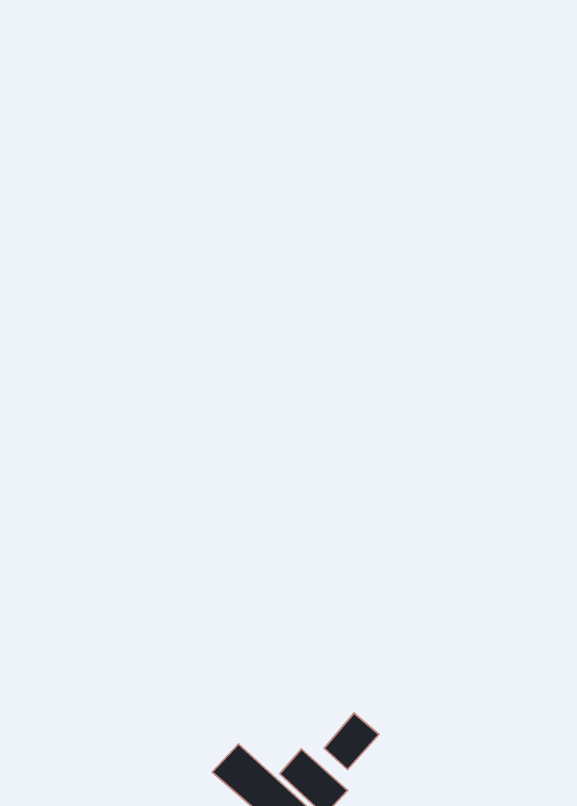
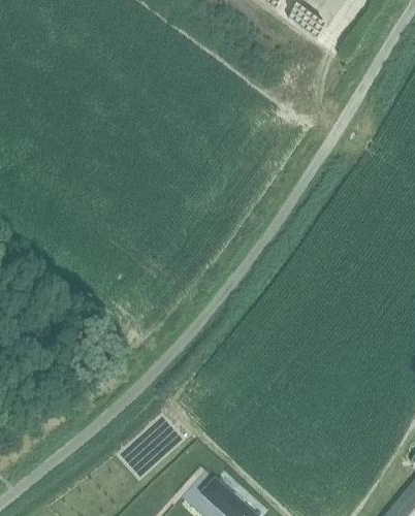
building: [324,713,379,769] -> none

